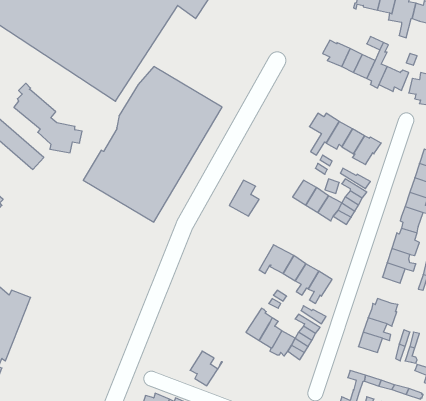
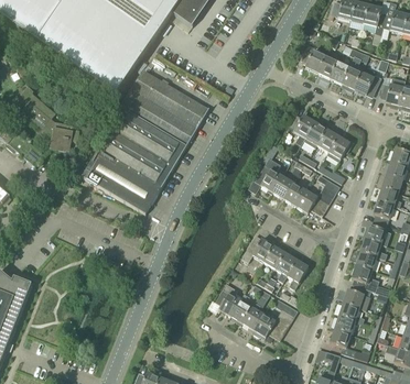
building: [229,180,259,216] -> [256,157,283,190]
building: none -> [352,264,389,295]
building: none -> [330,328,369,360]
building: [190,351,222,386] -> [215,283,245,315]

